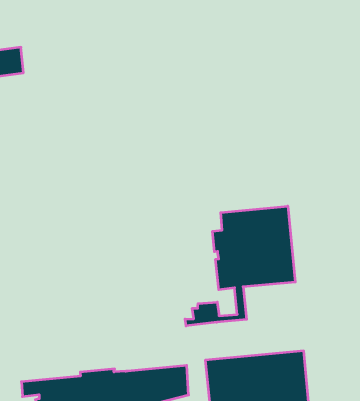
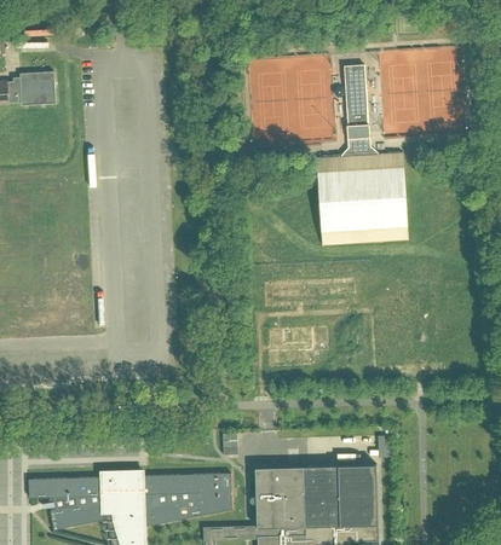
building: none -> [316,64,408,245]
building: [185,206,295,326] -> none

